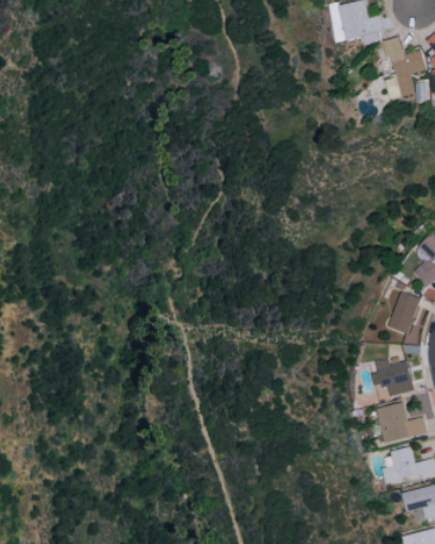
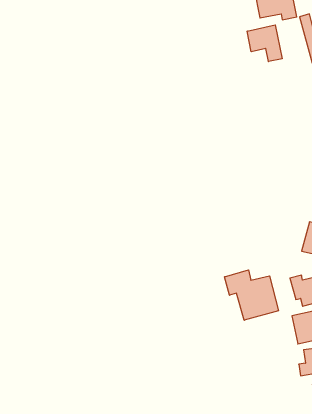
building: none -> [247,25,282,62]
building: none -> [225,270,279,320]

